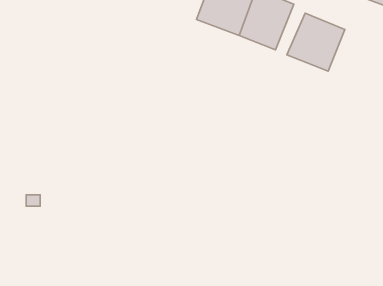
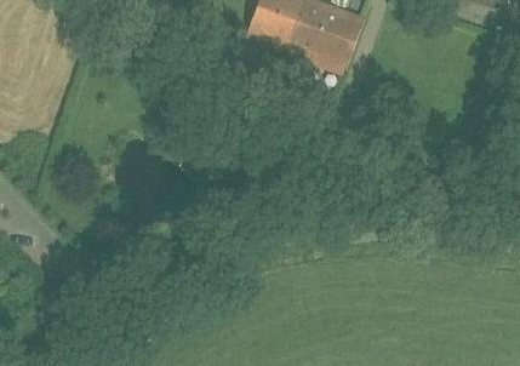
building: [287,13,345,71] -> none

